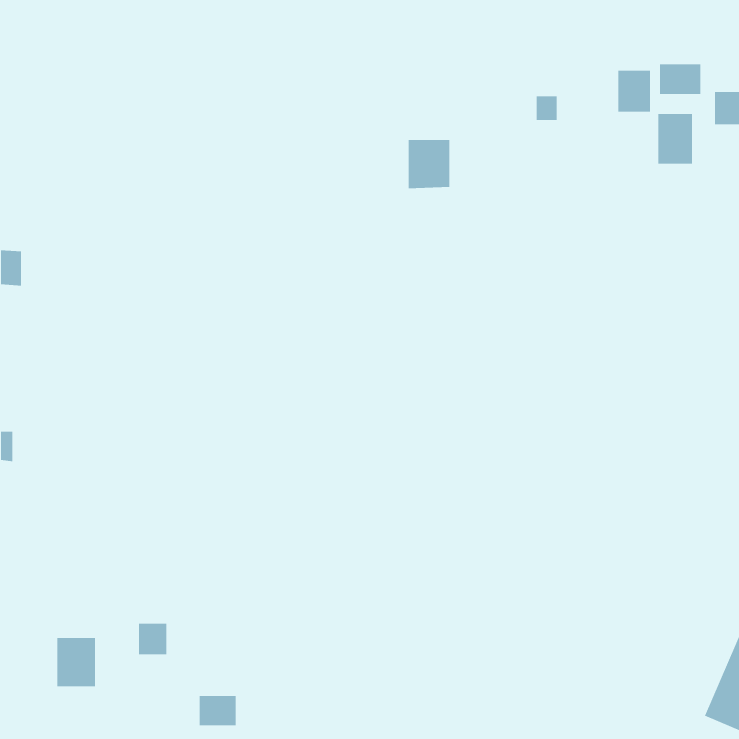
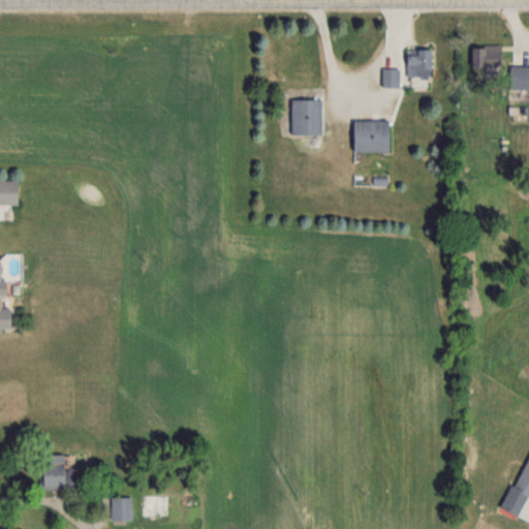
building: [618,70,651,112] -> [407,50,431,80]
building: [658,113,693,164] -> none
building: none -> [353,122,388,153]
building: [138,623,167,655] -> [112,499,132,522]

